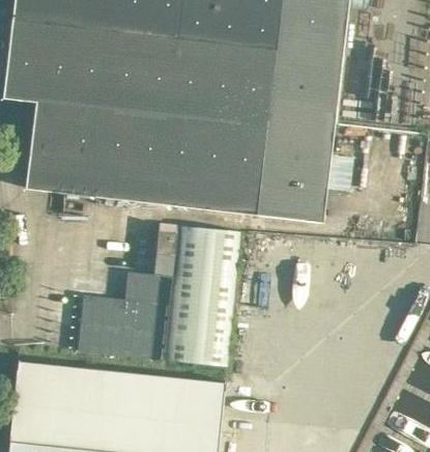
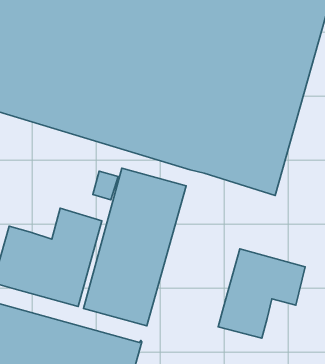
building: none -> [218,249,305,338]

